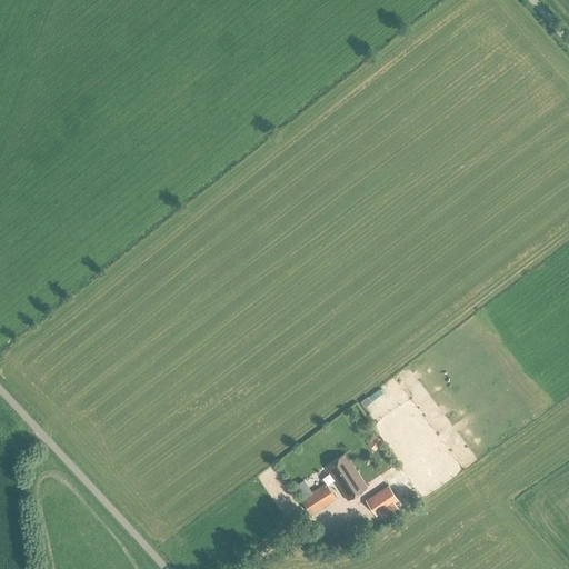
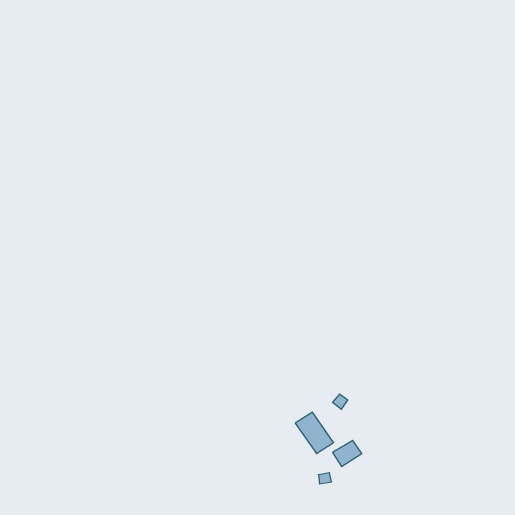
building: [300,483,337,516] -> none

